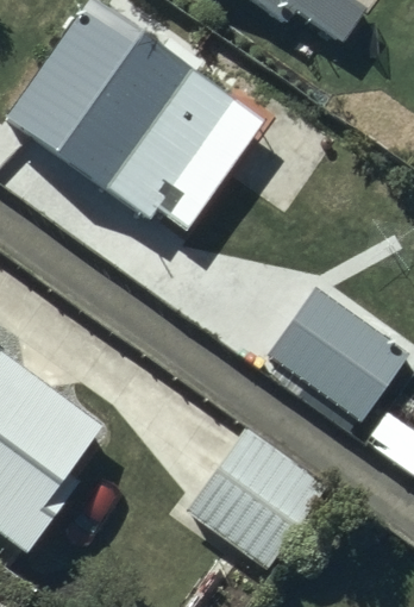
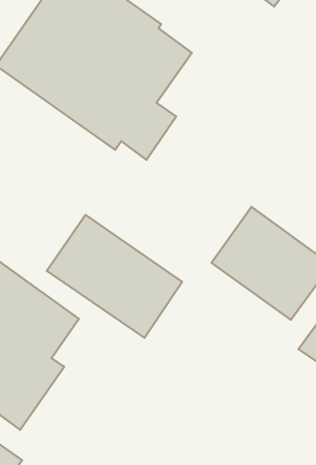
building: none -> [47,215,182,338]
building: [188,427,332,574] -> none

